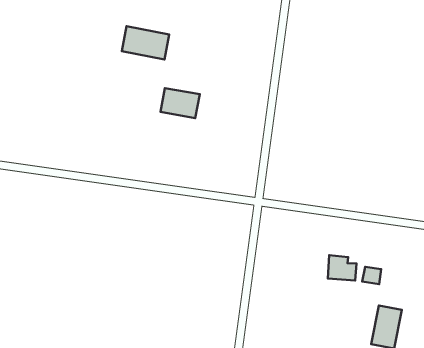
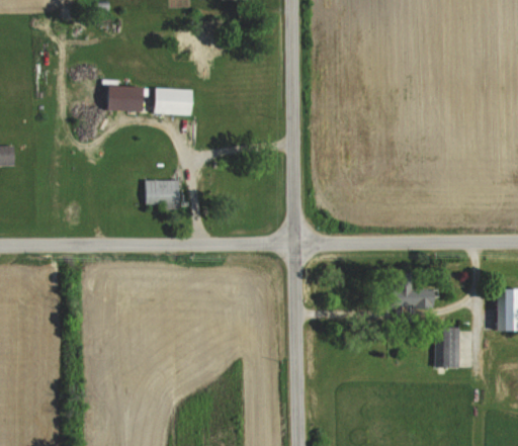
building: none -> [106,86,142,112]
building: [160,88,200,118] -> [148,180,184,205]

